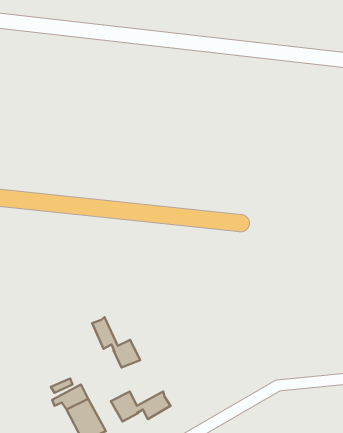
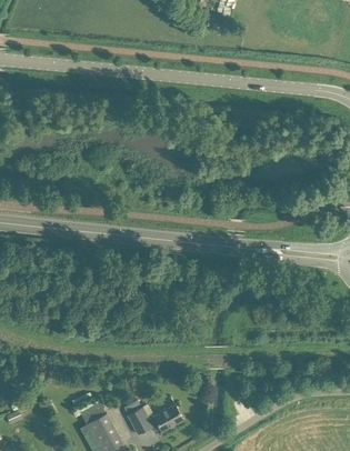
building: [92,317,140,368] -> none

